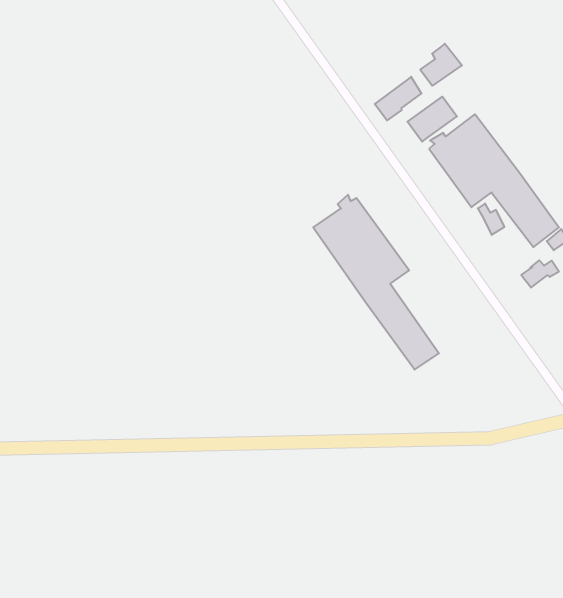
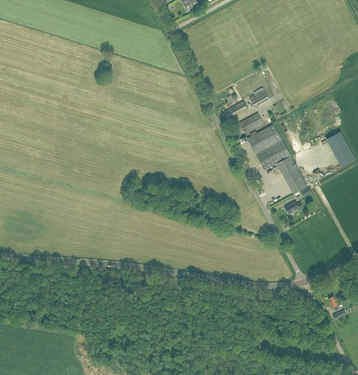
building: [313,195,439,370] -> none

